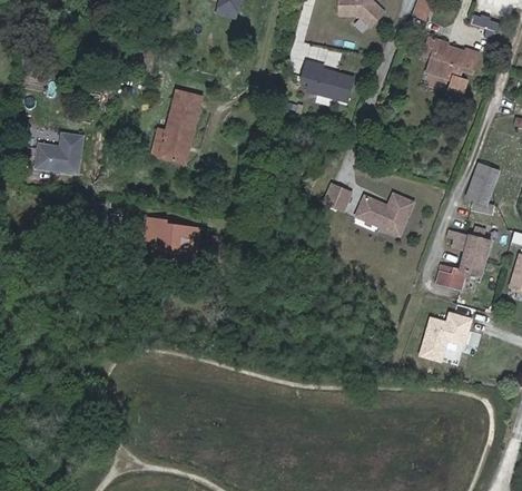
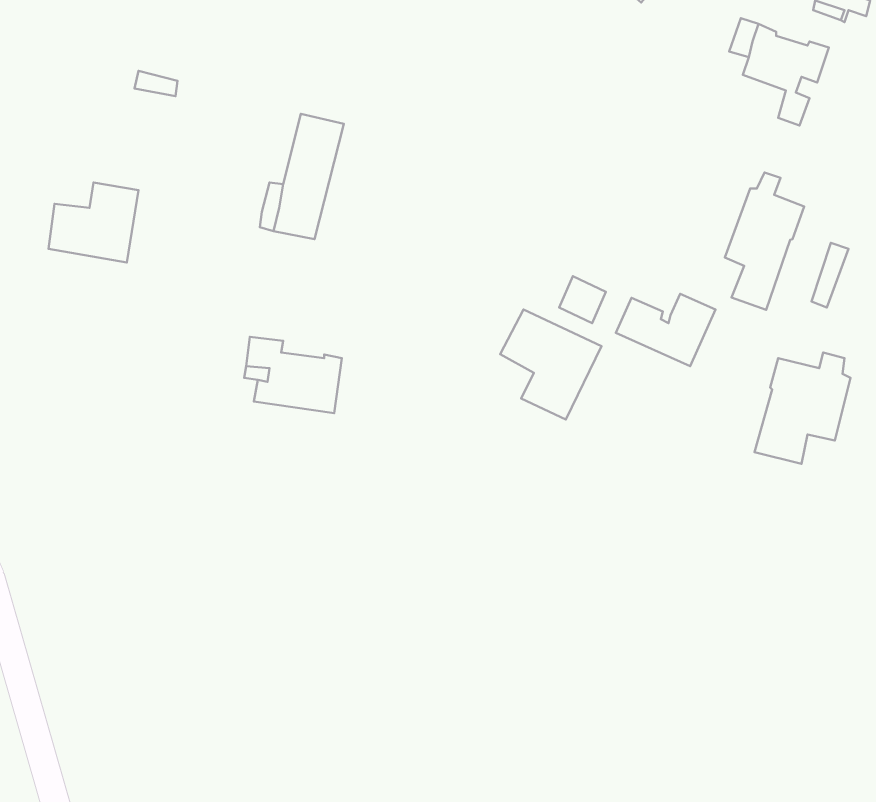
building: [301,61,354,101] -> none
building: none -> [725,172,804,310]
building: none -> [500,310,602,420]
building: [417,310,473,361] -> none

